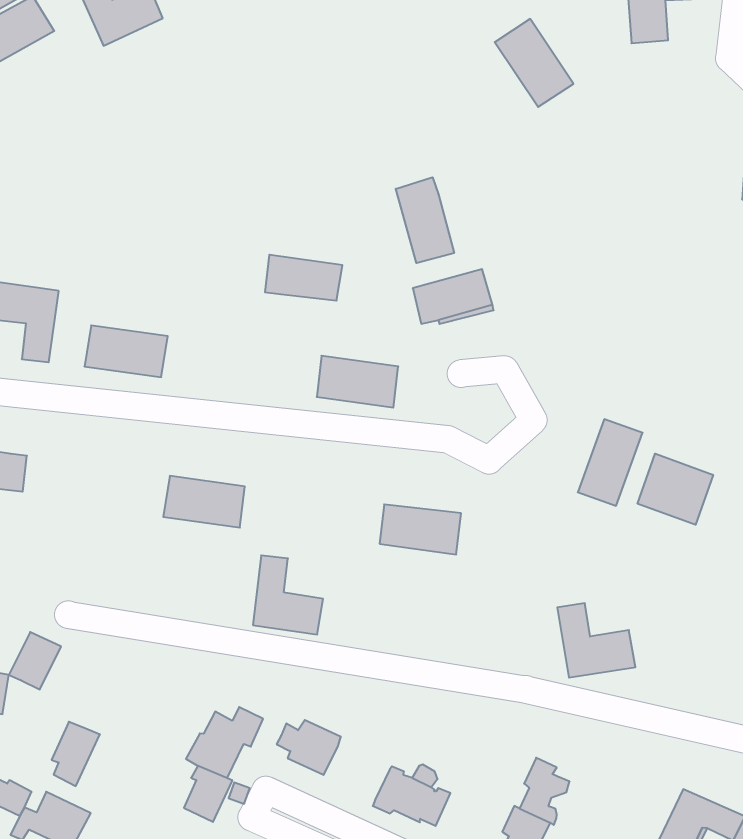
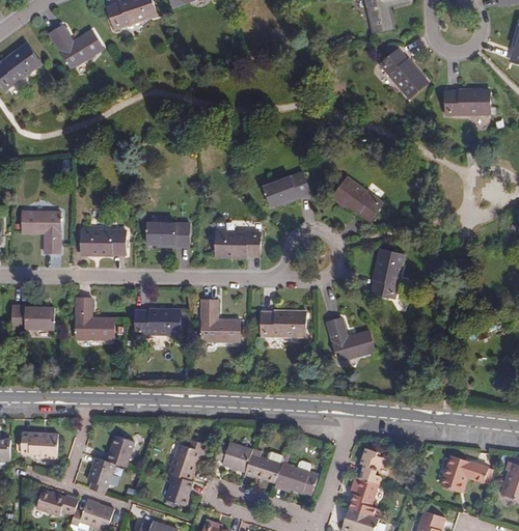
building: [495,19,573,107] -> [379,49,427,99]
building: [396,177,454,263] -> none
building: [265,255,342,301] -> [146,222,189,244]
building: none -> [332,176,382,222]
building: none -> [75,297,113,339]
building: [638,454,713,525] -> none
building: [253,555,323,634] -> [201,300,240,341]
building: [557,603,635,678] -> [326,317,375,361]
building: [9,632,61,689] -> [106,435,134,467]
building: none -> [244,453,281,481]

